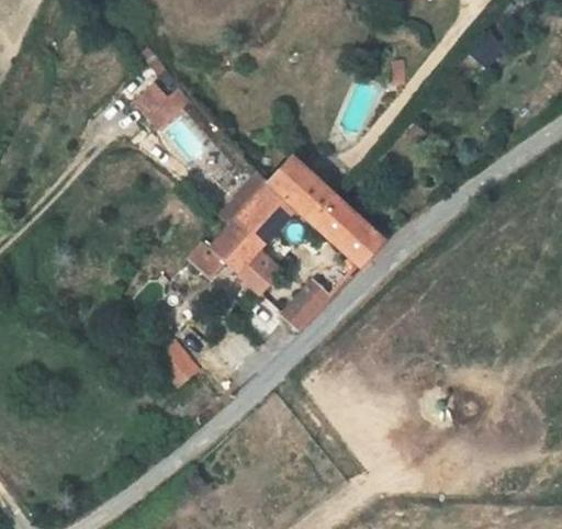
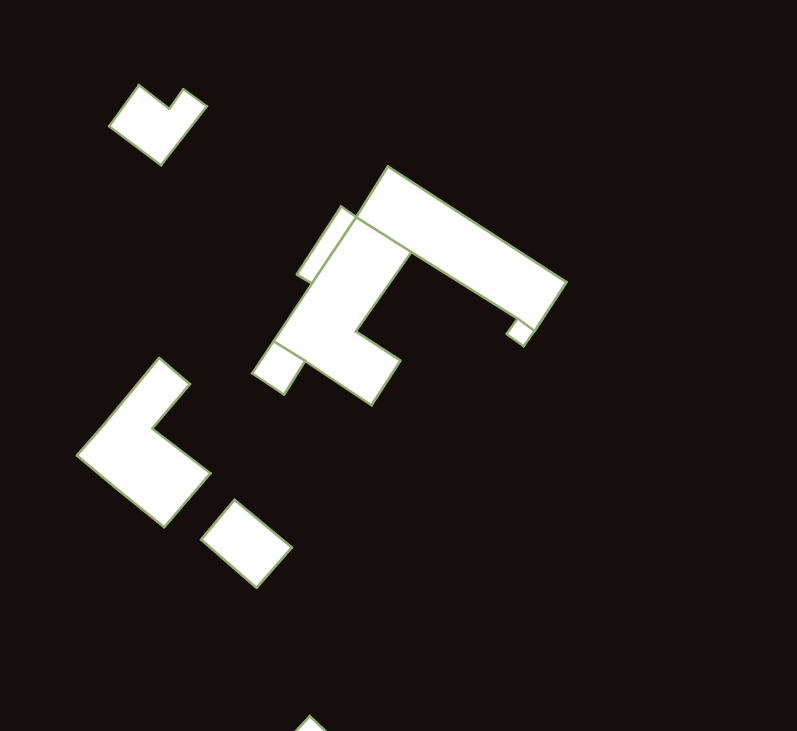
building: none -> [77,358,211,527]
building: [283,279,331,328] -> none

